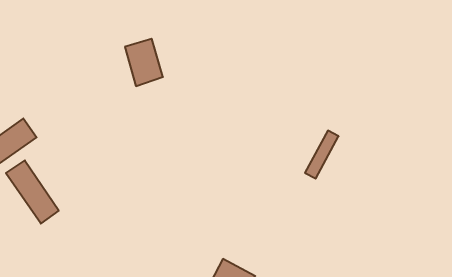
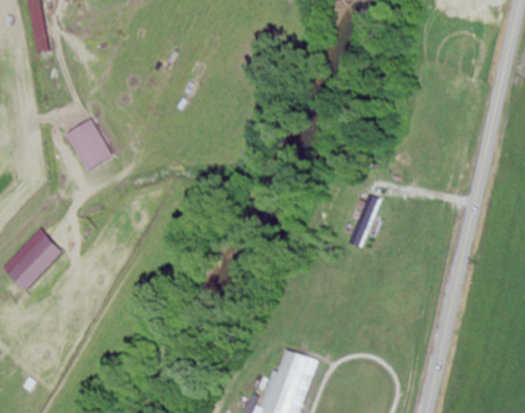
building: [125,39,163,86] -> [68,119,113,171]
building: [6,160,59,224] -> none

